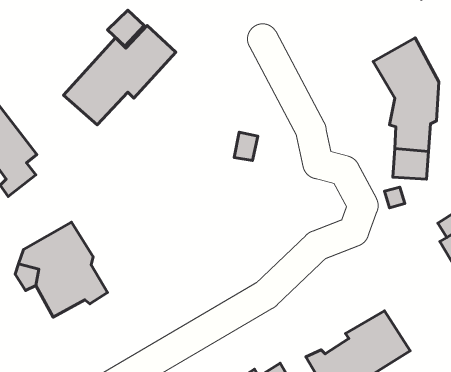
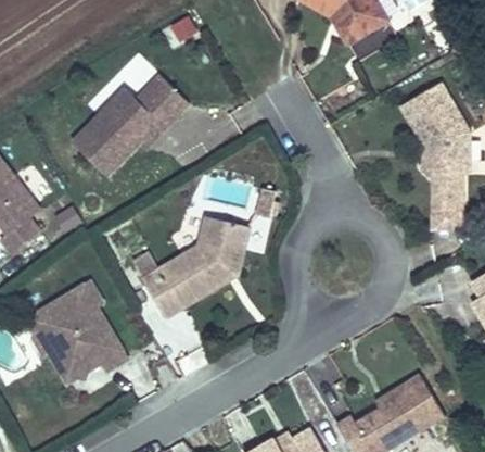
building: none -> [148,213,254,315]

